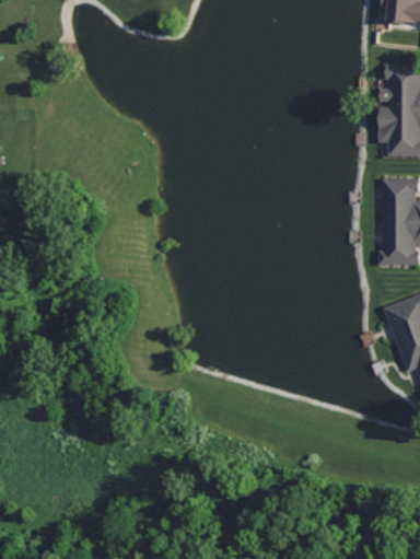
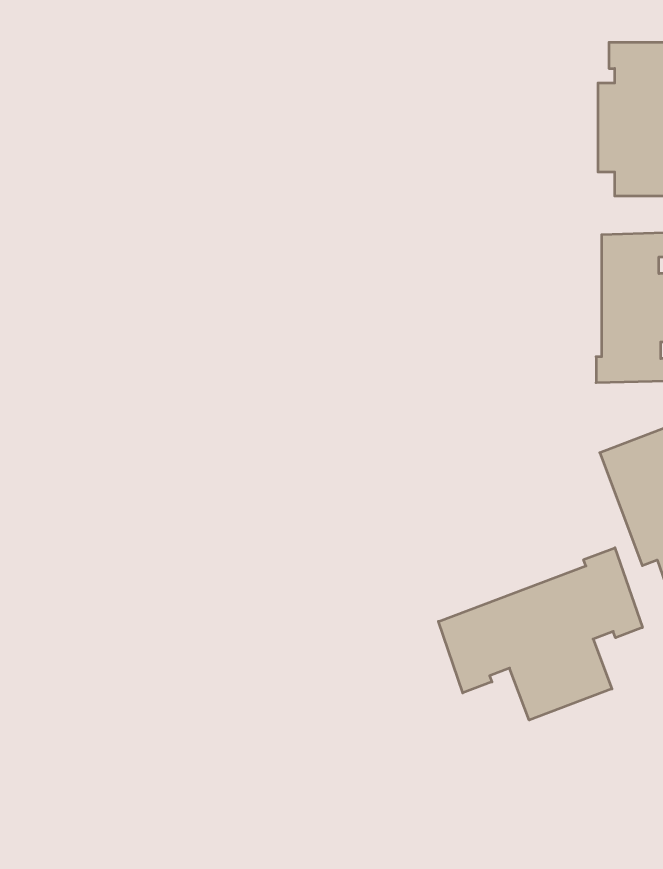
building: none -> [438,548,642,720]

